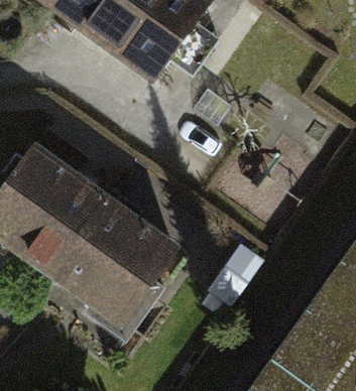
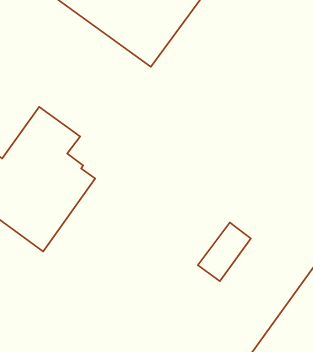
building: [50,200,171,329] -> none

